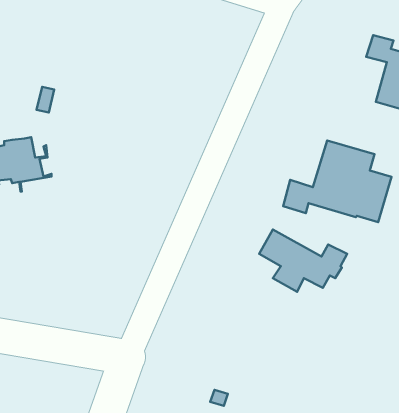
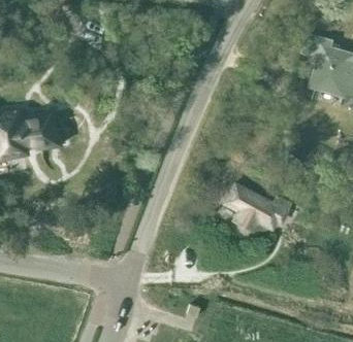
building: [283,140,391,222] -> none

